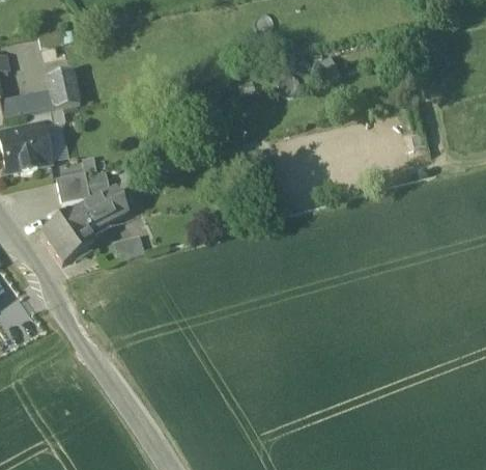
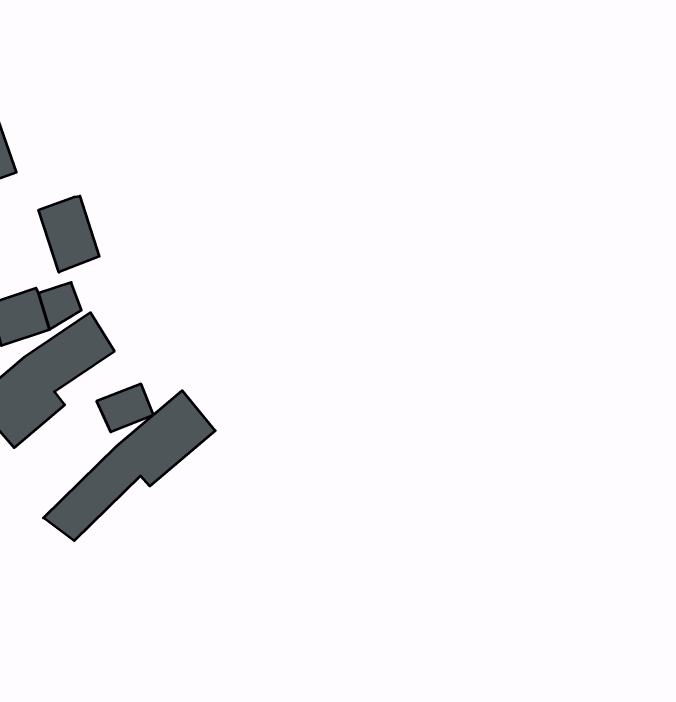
building: none -> [39,196,99,272]
building: none -> [43,391,215,541]

